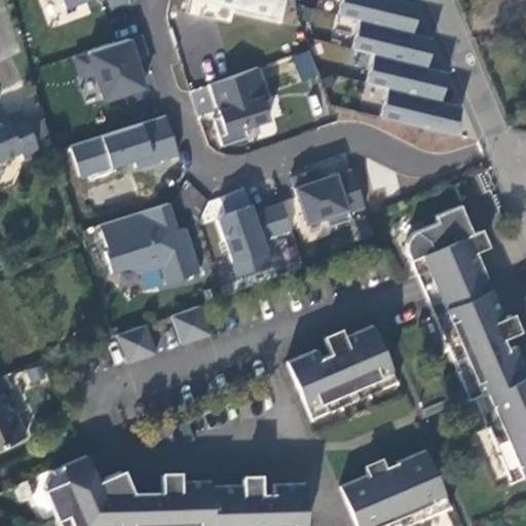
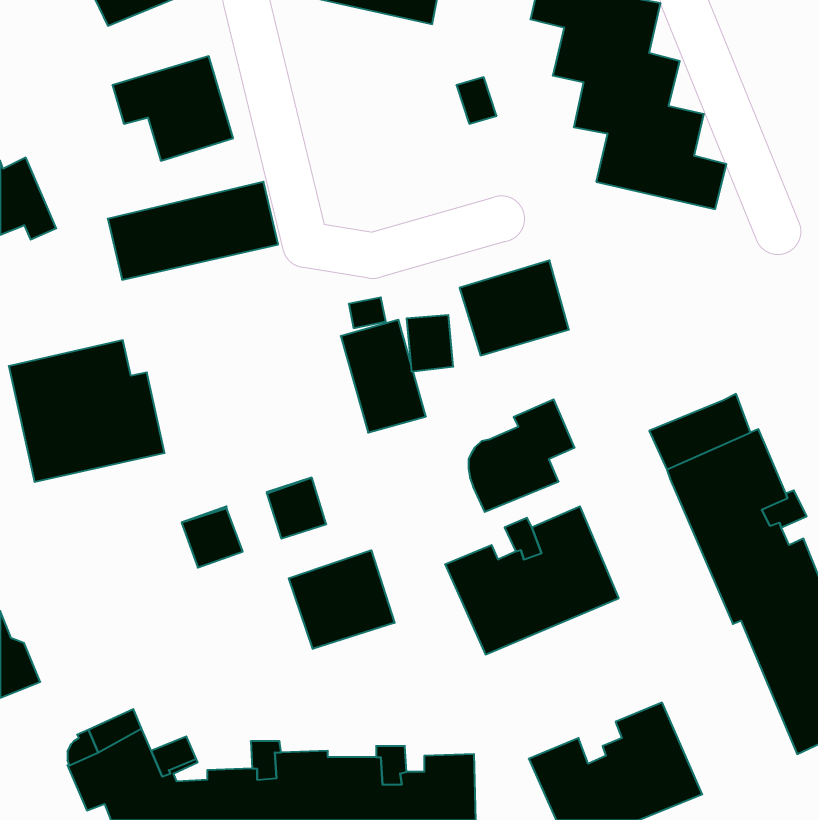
building: [191,67,279,145] -> none
building: [102,203,201,294] -> [9,340,165,482]
building: [407,203,475,275] -> [469,399,575,512]
building: none -> [289,550,395,649]

